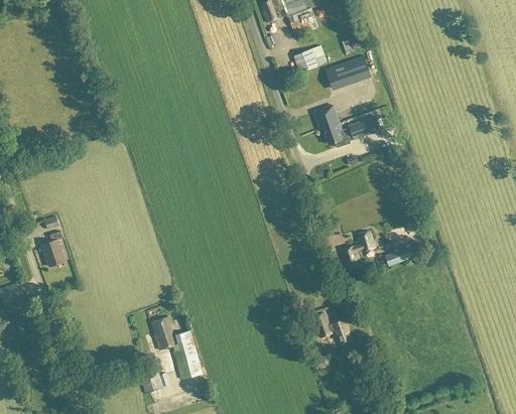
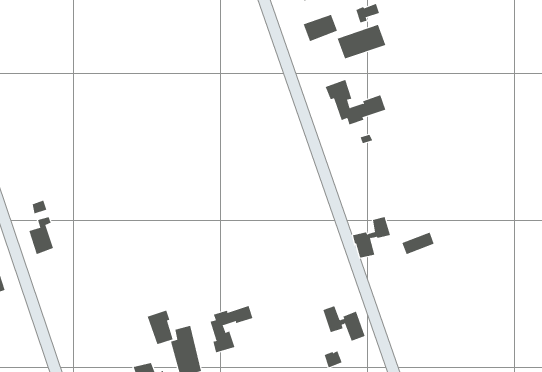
building: none -> [210,305,253,353]

